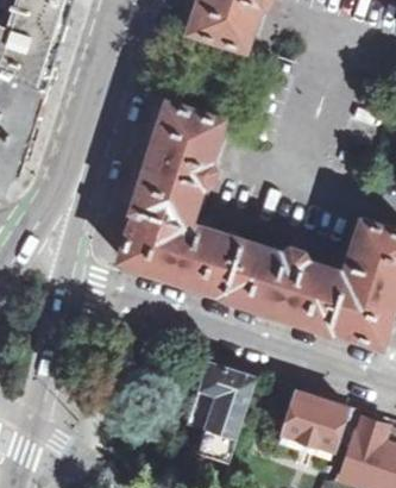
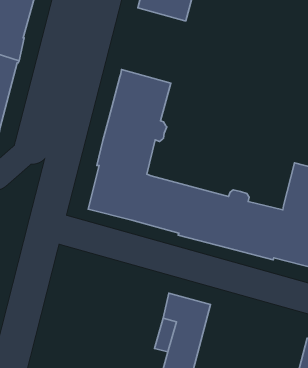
building: [282,392,344,450] -> none

